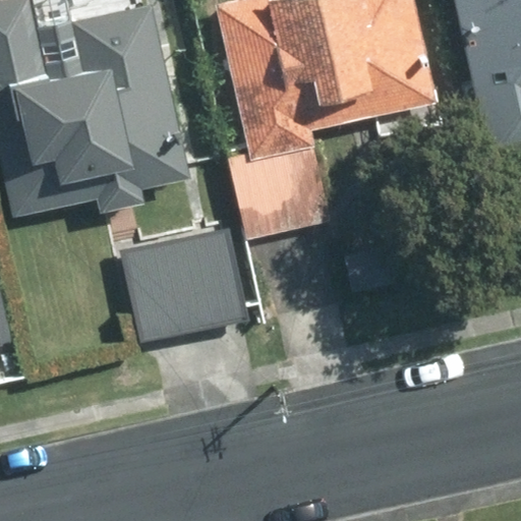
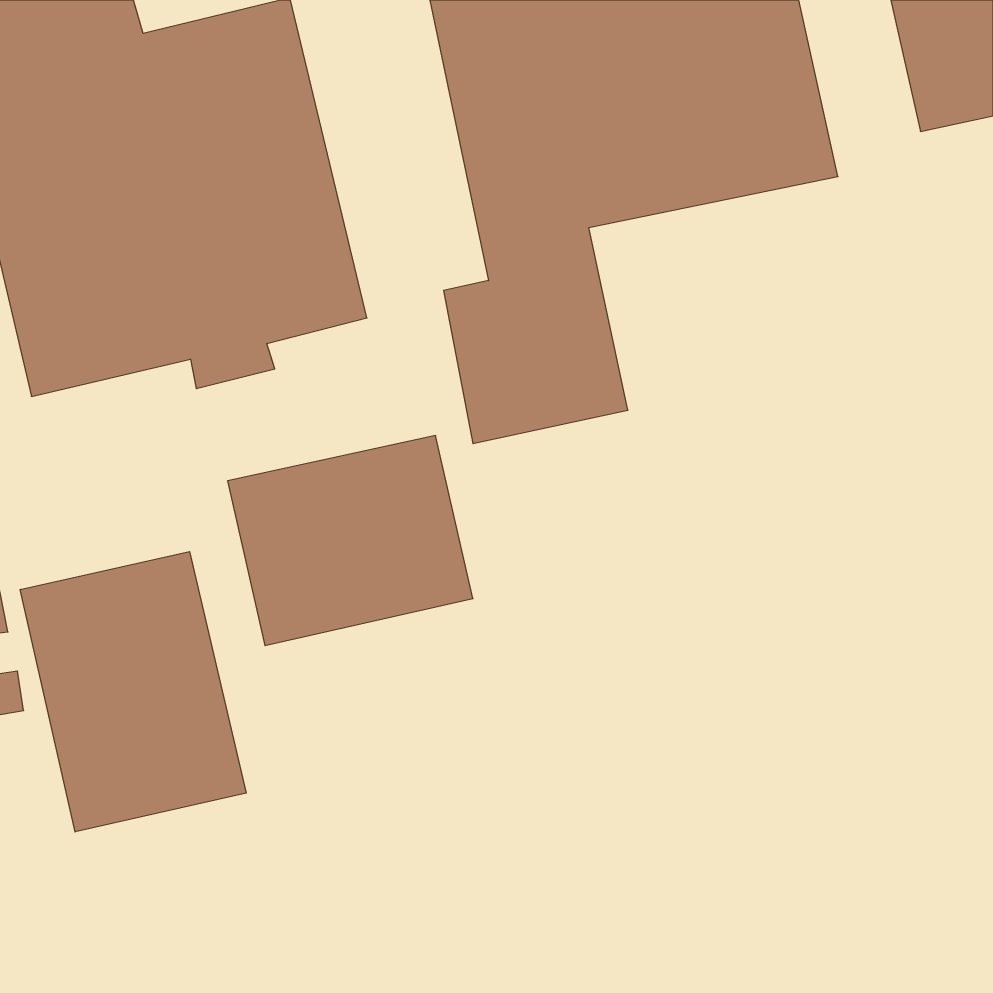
building: none -> [20,552,246,832]

